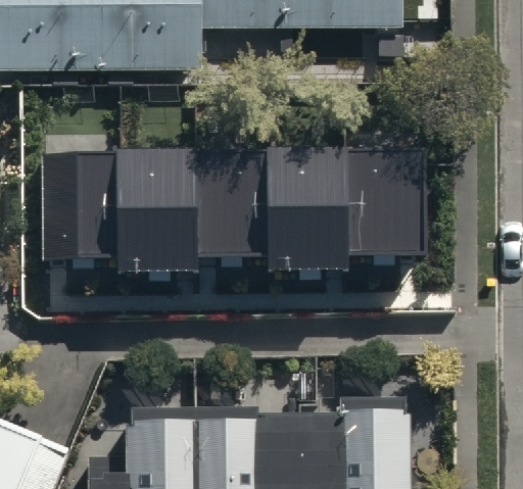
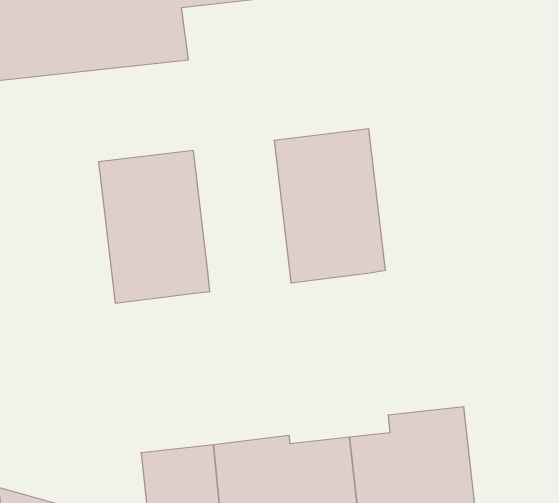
building: [348,147,419,255] -> none
building: [197,149,268,257] -> none
building: [47,151,116,261] -> none

